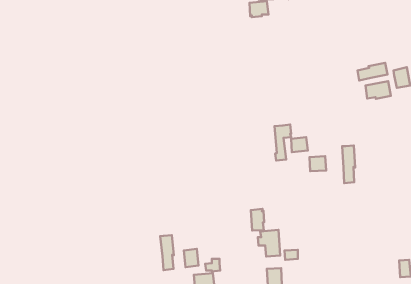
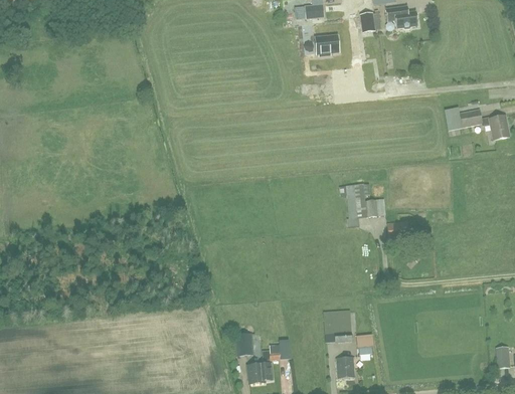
building: [365,81,391,99] -> none
building: [342,146,355,183] -> none
building: [251,209,264,230] -> none
building: [160,235,174,270] -> none

